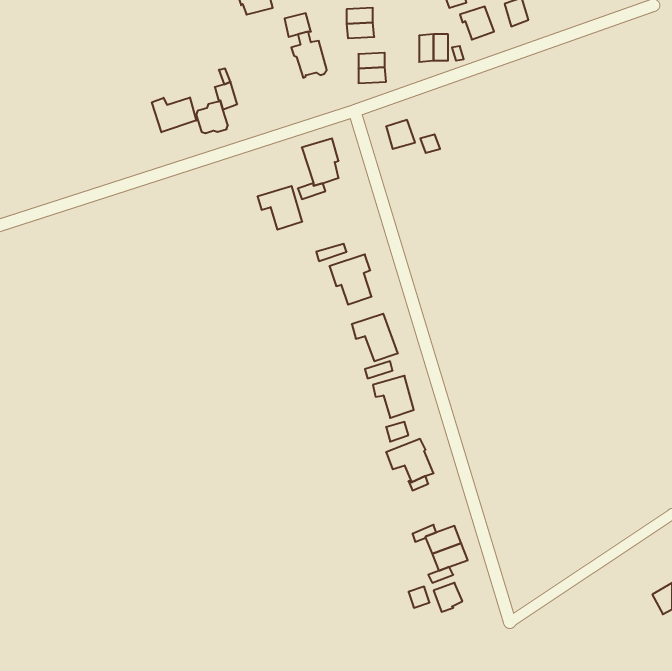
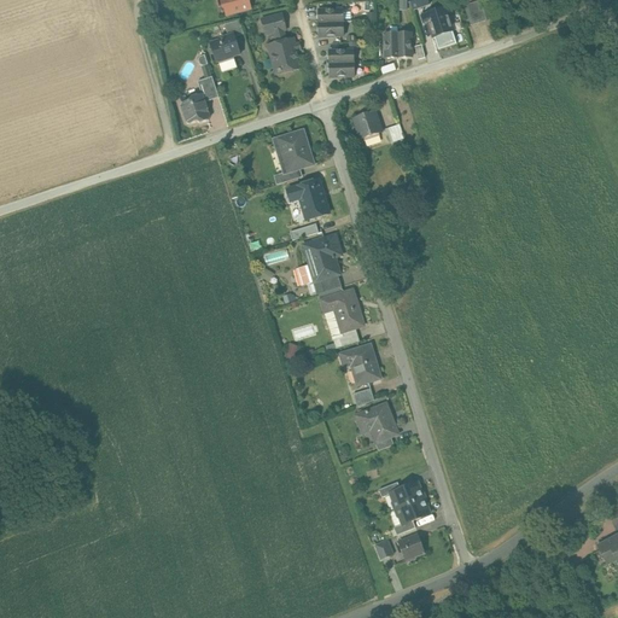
building: none -> [210,33,239,71]
building: [152,97,196,132] -> none
building: [257,186,302,230] -> [287,177,328,217]

